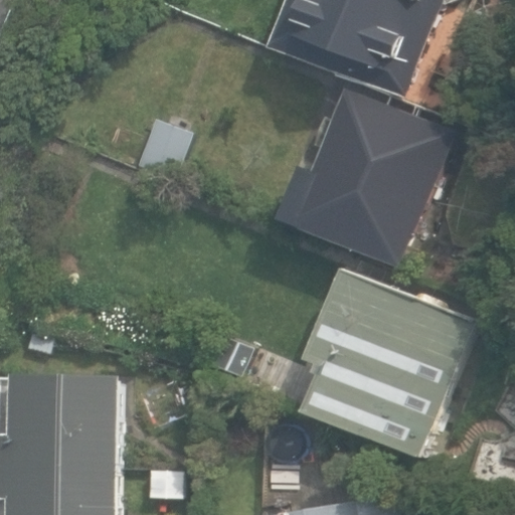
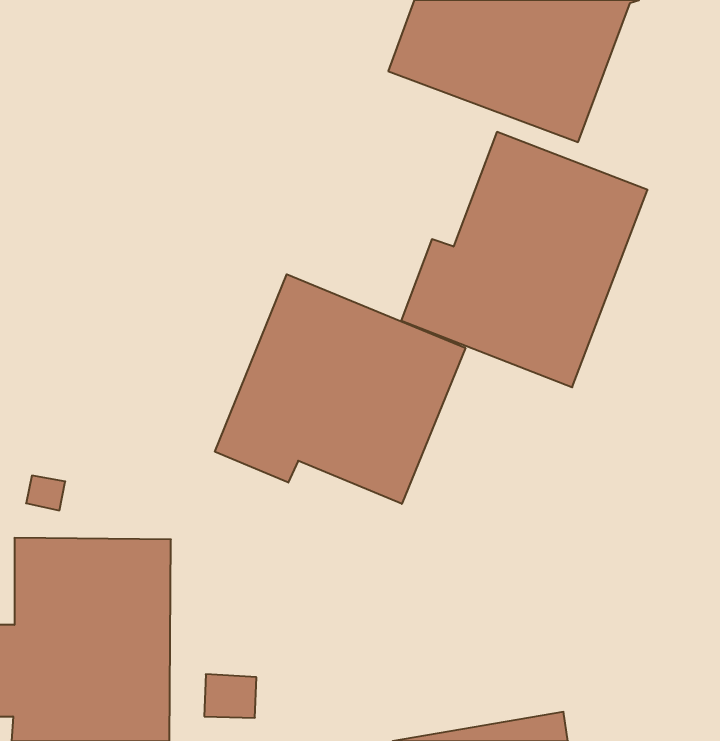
building: none -> [215,274,465,504]
building: [306,268,474,457] -> none

